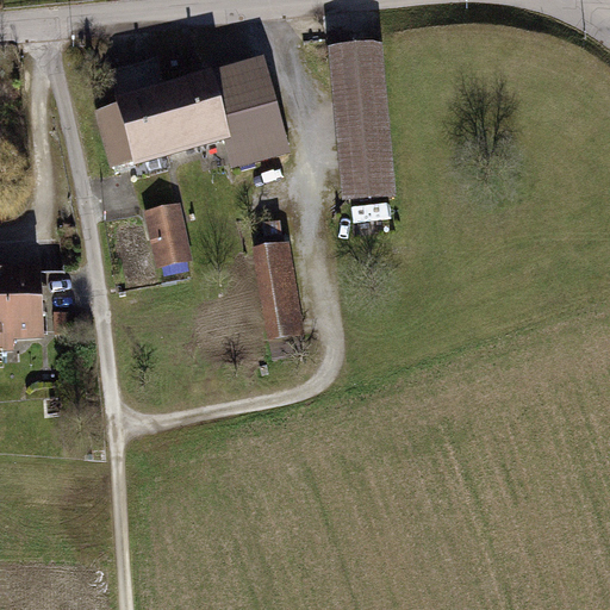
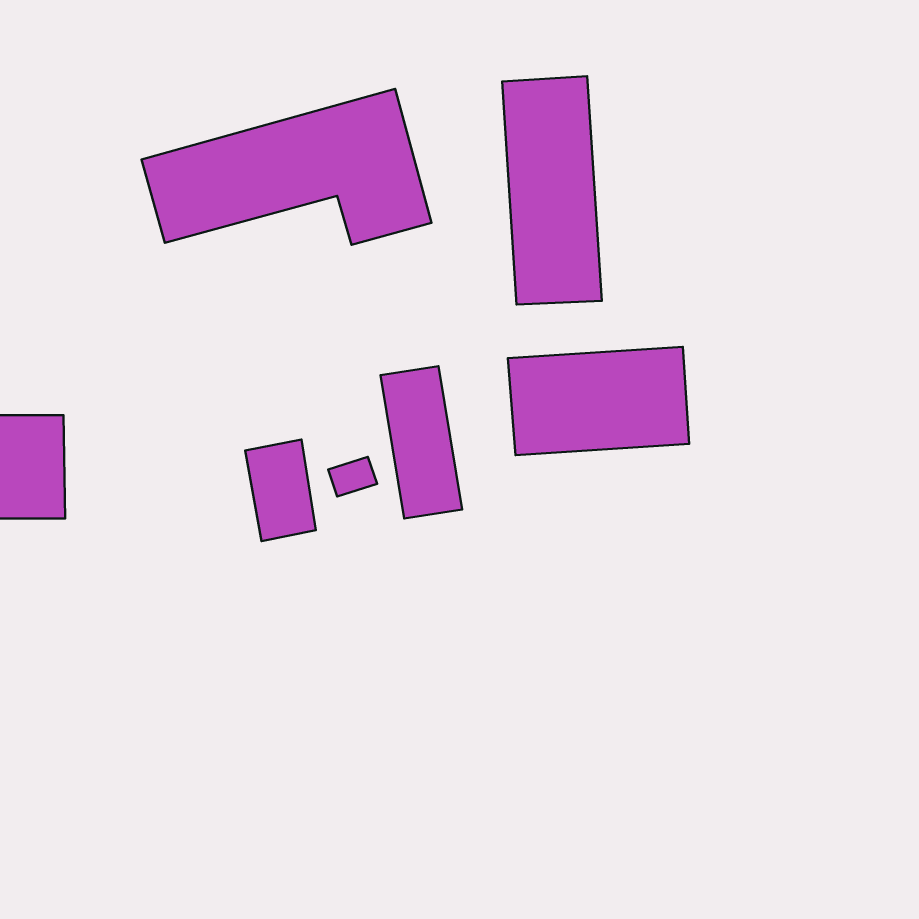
building: [144,201,191,268] -> [245,440,316,541]
building: none -> [508,347,689,455]

